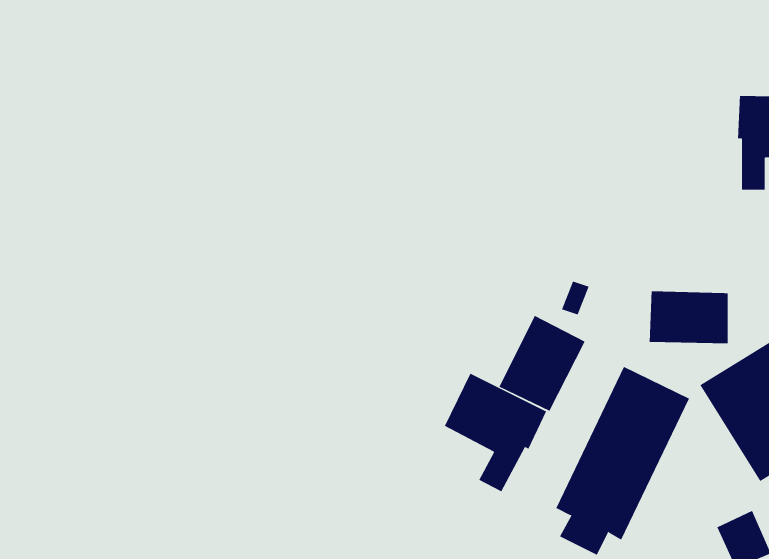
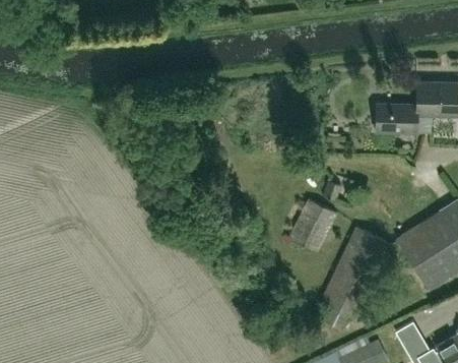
building: [649,291,728,344] -> [375,105,417,133]
building: [444,373,547,492] -> none

